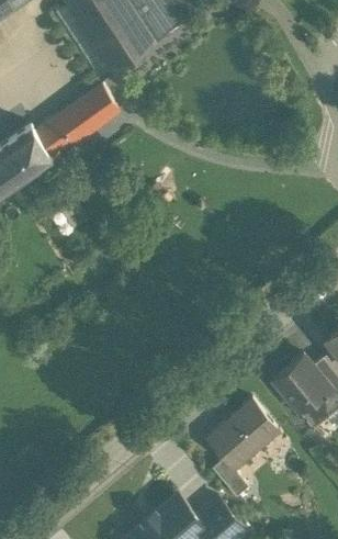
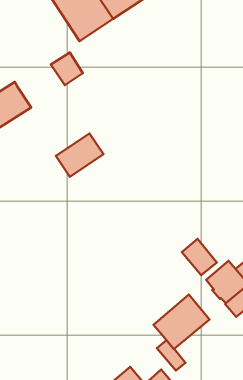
building: [34,108,94,162] -> [56,134,103,177]
building: none -> [182,239,217,275]

